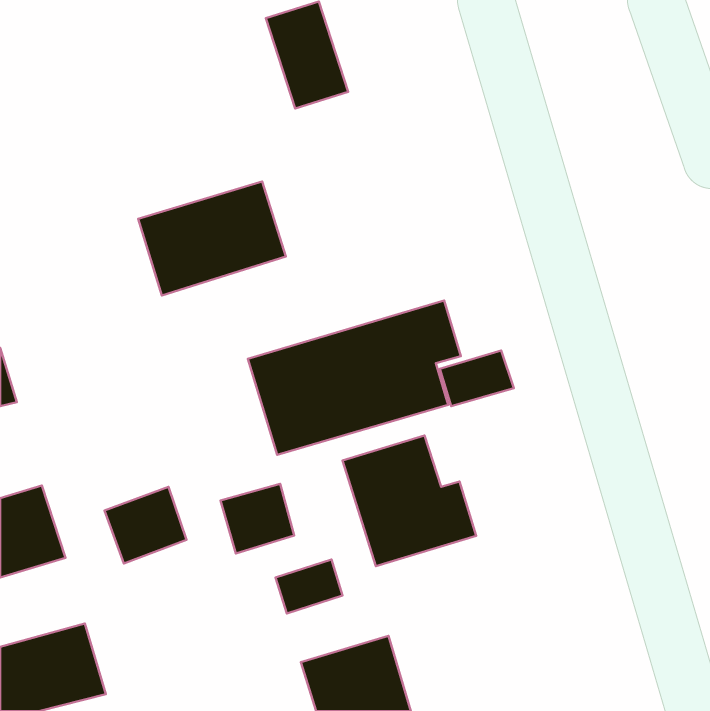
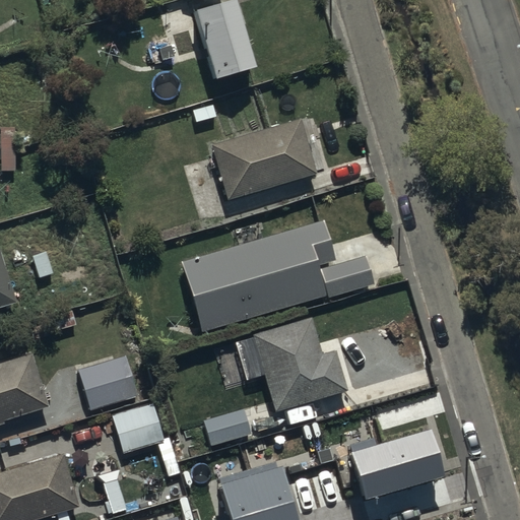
building: [138,181,286,296] -> [207,119,315,202]
building: [220,484,294,554] -> [112,403,166,454]
building: none -> [351,430,446,501]

